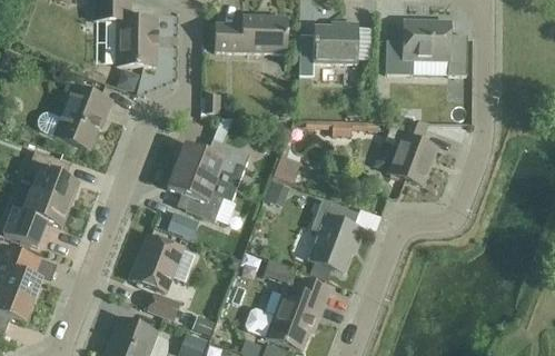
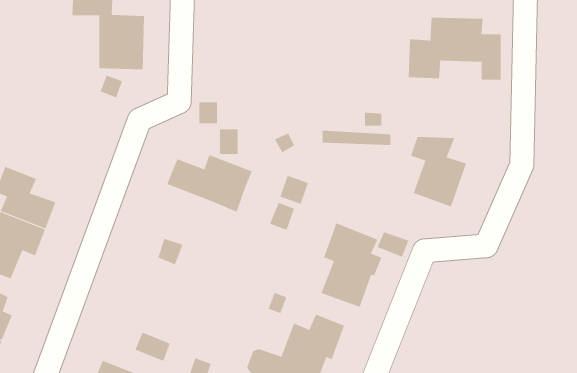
building: [215,16,287,52] -> none
building: [300,22,358,75] -> none
building: [38,83,111,148] -> none
building: [168,165,237,220] -> none
building: [132,236,195,291] -> none

